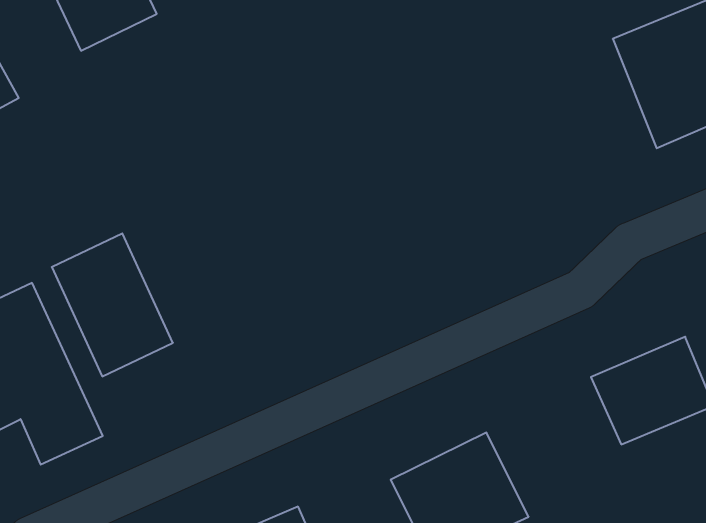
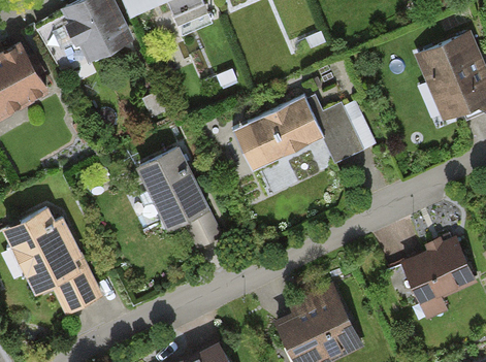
building: none -> [227,95,360,173]
building: [52,233,173,376] -> [139,146,214,234]

